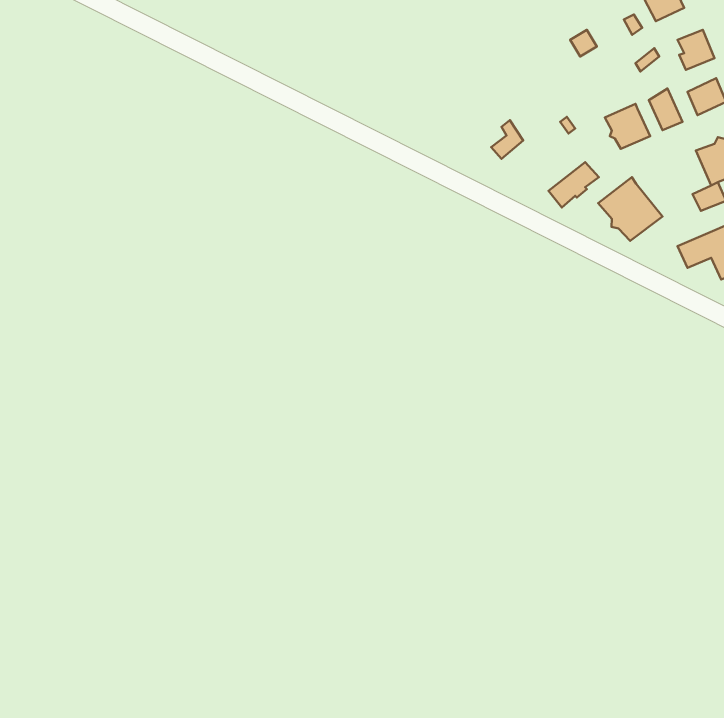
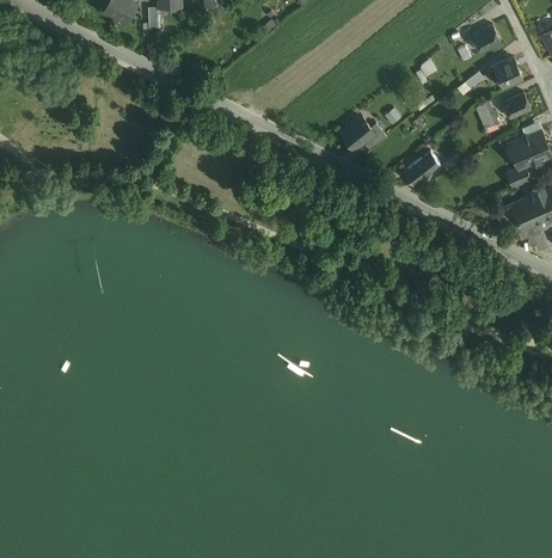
building: [605,104,650,149] -> none
building: none -> [339,117,373,148]
building: [598,177,663,241] -> none

